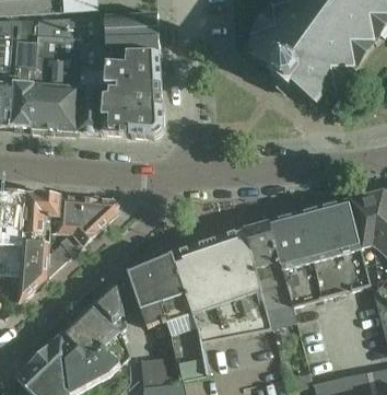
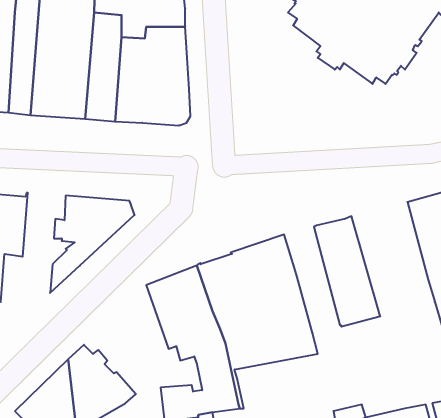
building: [20,194,59,303] -> none
building: [300,201,370,298] -> none
building: [243,222,290,312] -> none
building: [74,286,126,363] -> none

